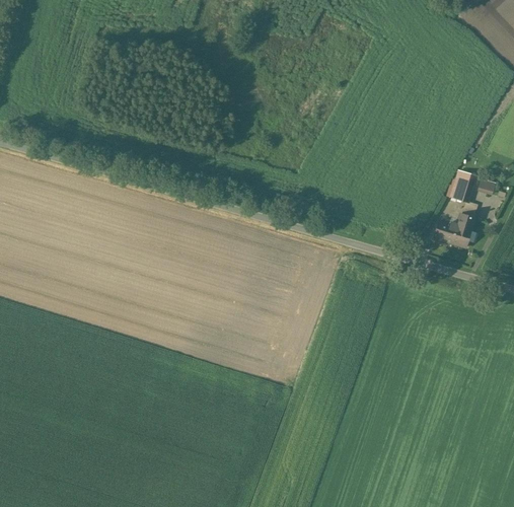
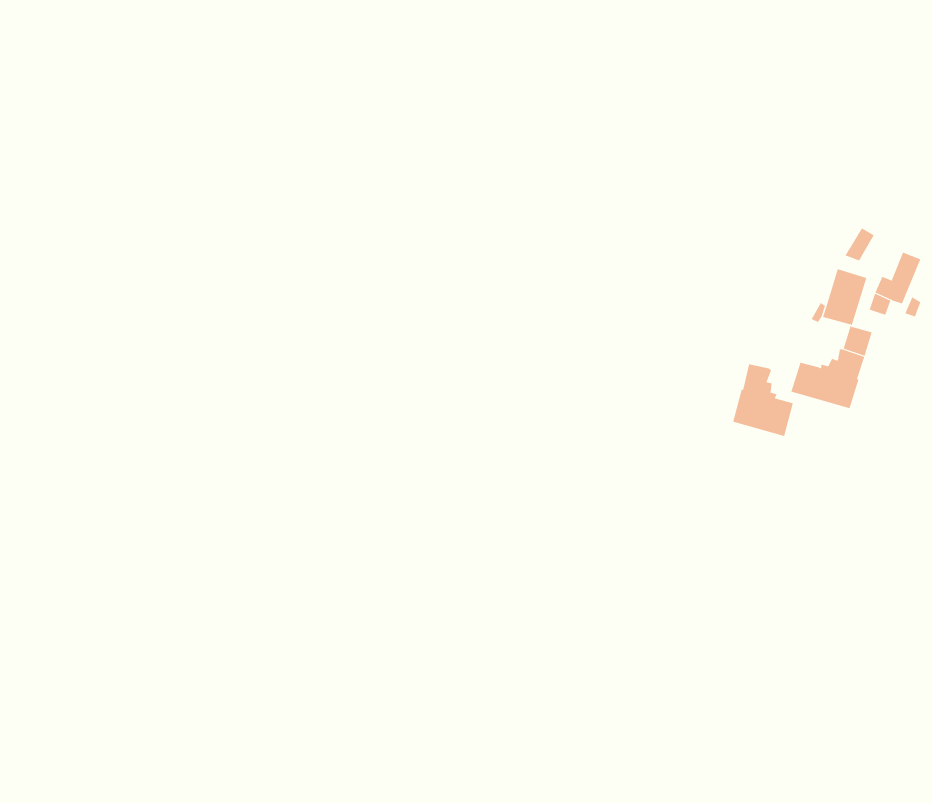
building: none -> [733,364,793,437]

